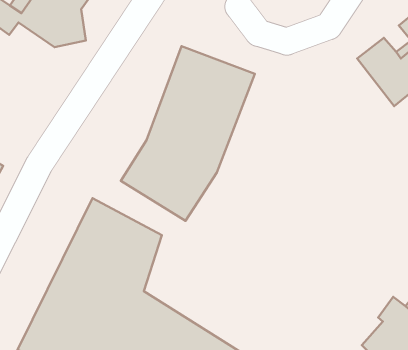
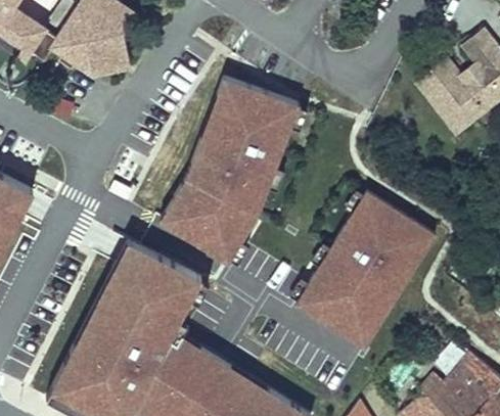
building: none -> [296,193,439,350]

